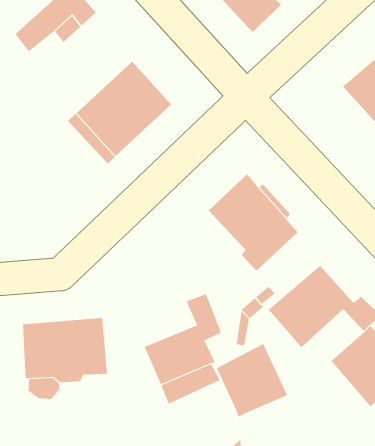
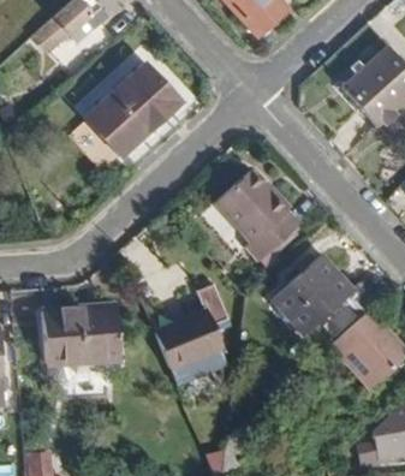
building: [216,343,288,418] -> none

